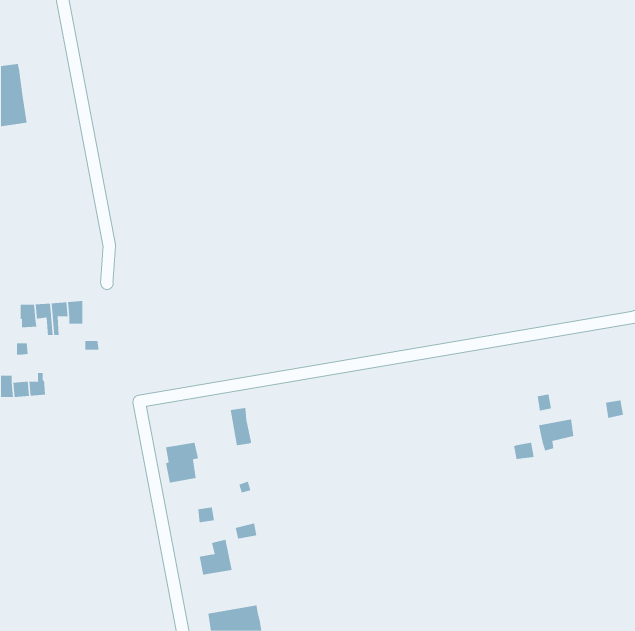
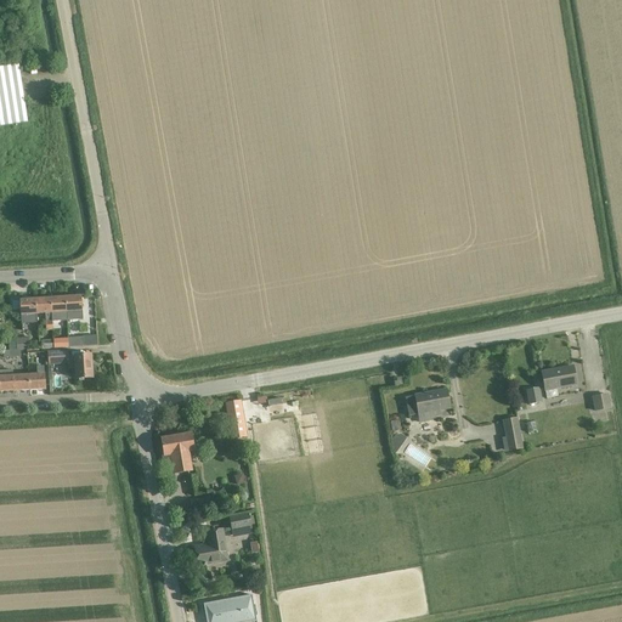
building: none -> [49,349,91,377]
building: none -> [405,388,449,420]
building: [538,419,574,451] -> [541,364,576,396]

